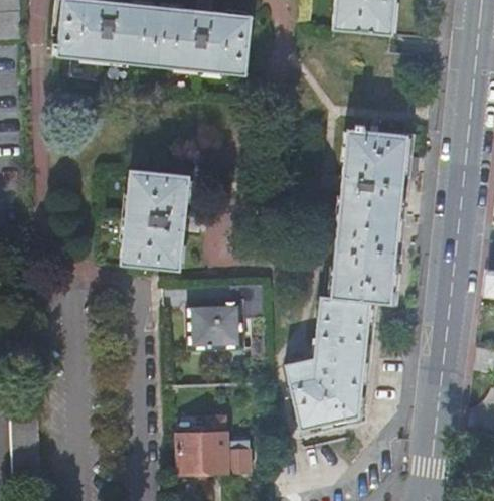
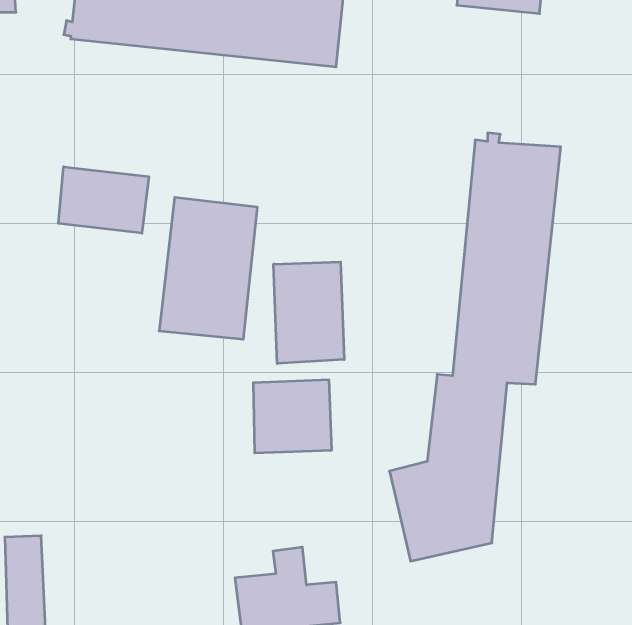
building: none -> [58,167,149,233]
building: none -> [274,262,344,364]

